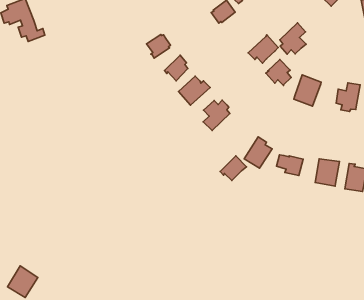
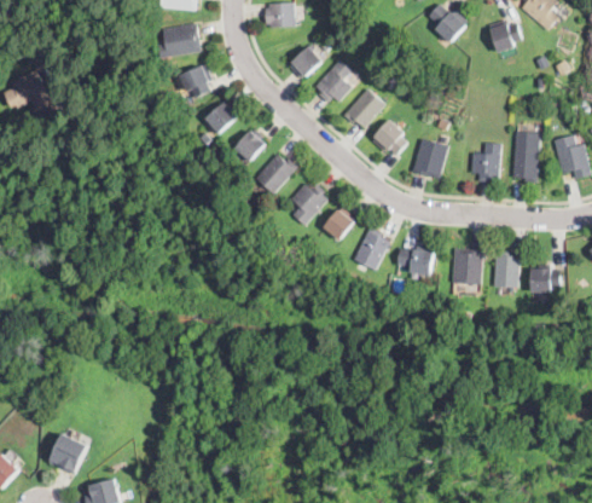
building: none -> [179,63,211,98]
building: [280,23,306,54] -> [315,59,352,103]
building: [220,156,246,180] -> [321,206,356,239]

